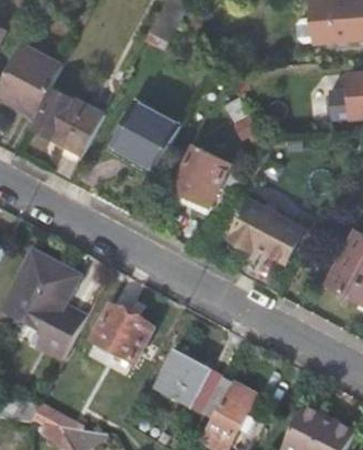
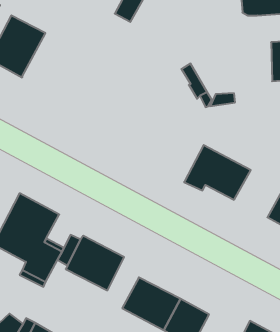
building: [31,84,102,150] -> none
building: [112,97,180,168] -> none
building: [167,141,246,211] -> none

